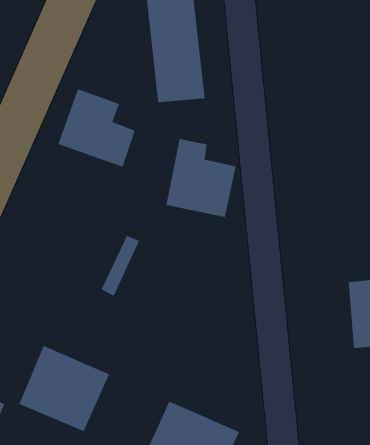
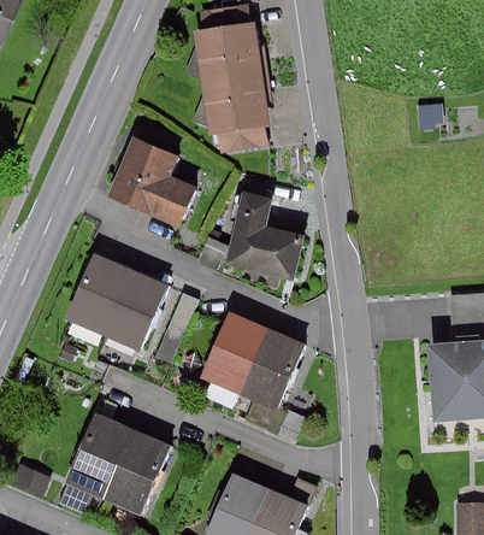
building: none -> [67,255,164,349]
building: none -> [205,311,306,404]

